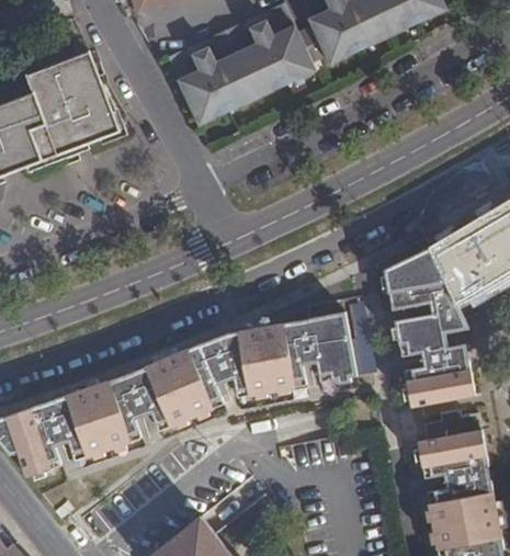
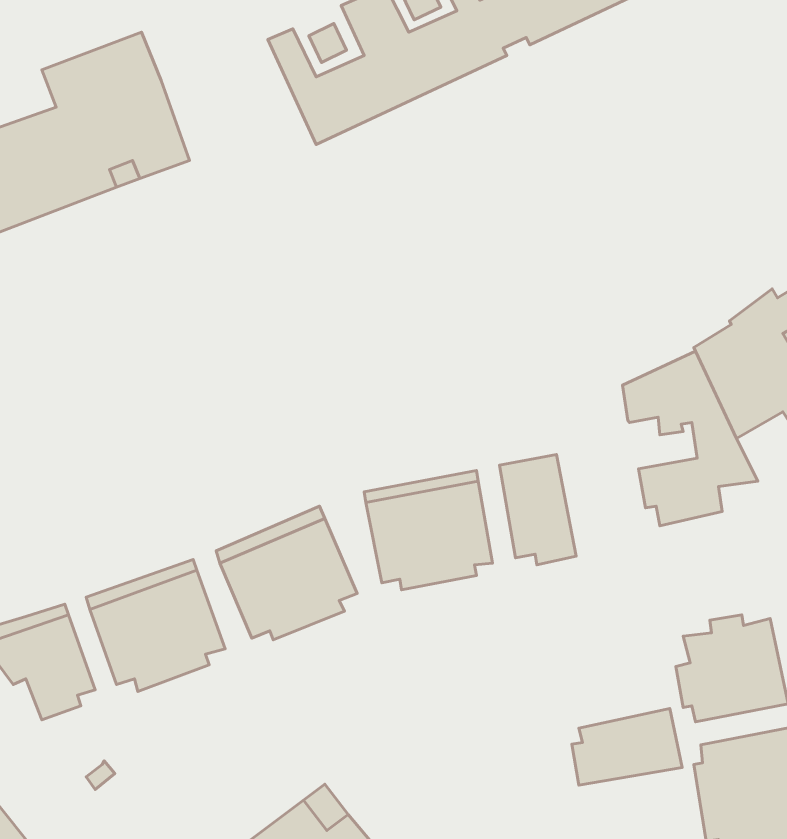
building: [407,359,475,406] -> [572,709,682,785]

